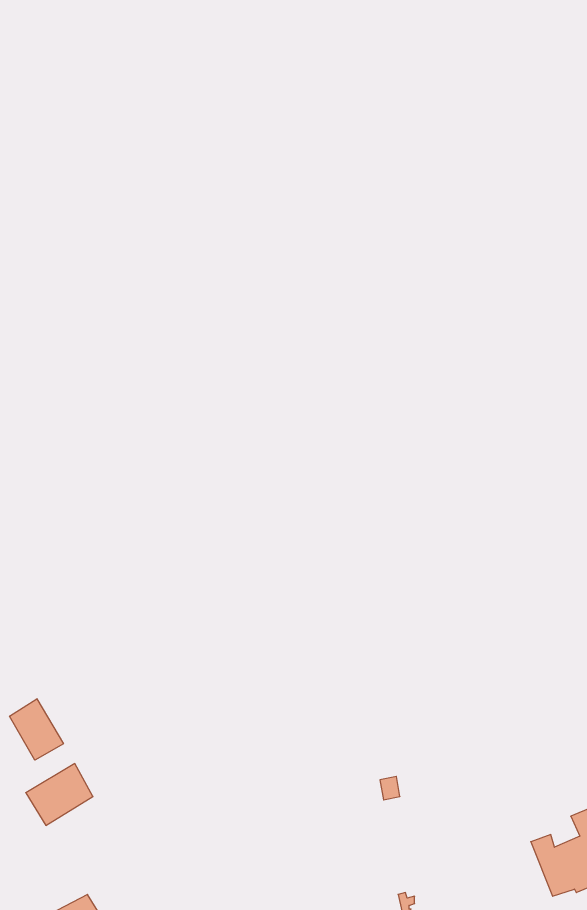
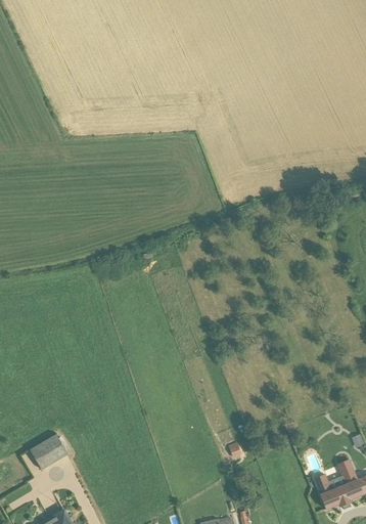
building: [10,699,63,760] -> none

